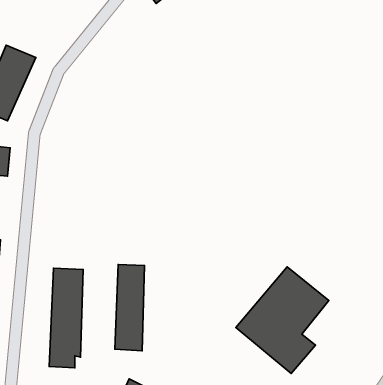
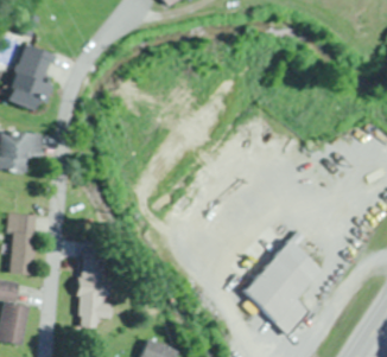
building: [115,265,145,351] -> none

